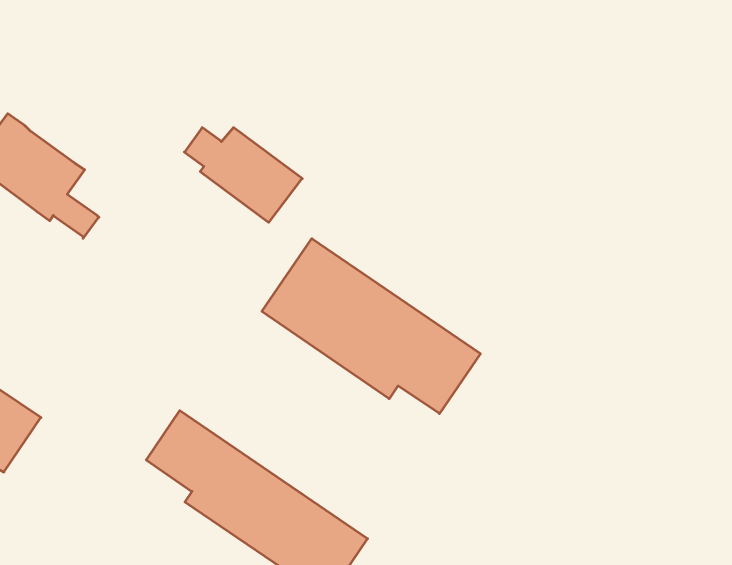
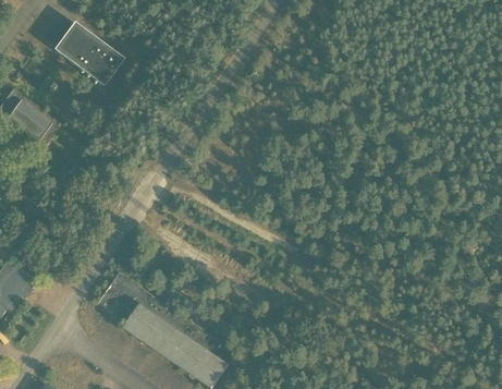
building: [184,128,302,222] -> [47,23,120,82]
building: [262,239,480,414] -> none

